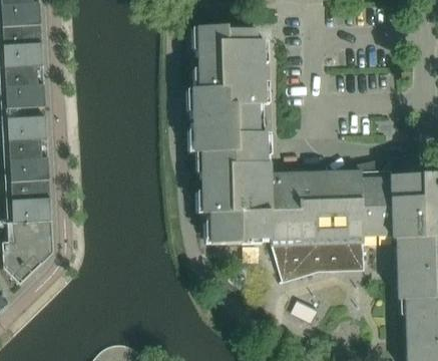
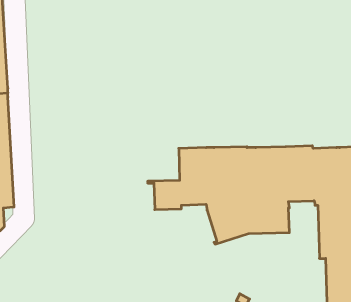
building: [193,28,271,214] -> none

